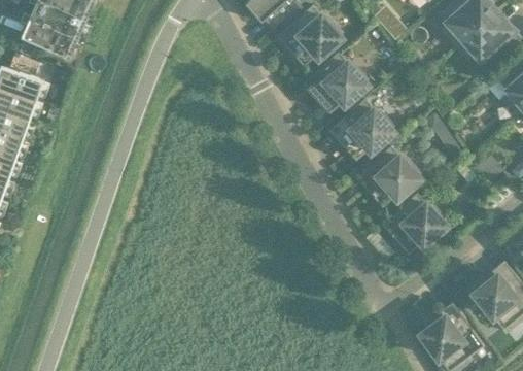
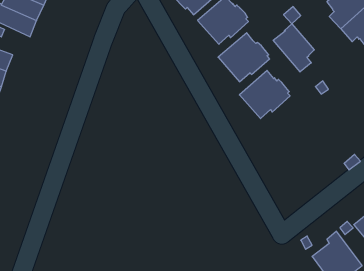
building: none -> [273,24,314,72]
building: [355,144,420,206] -> none
building: [382,192,446,252] -> none

